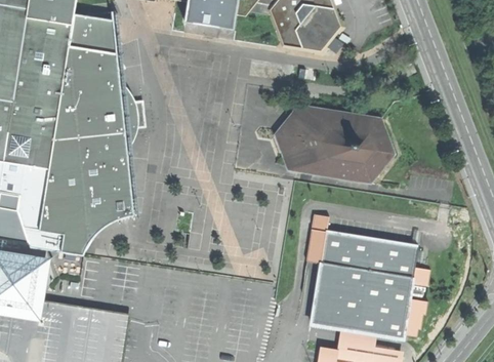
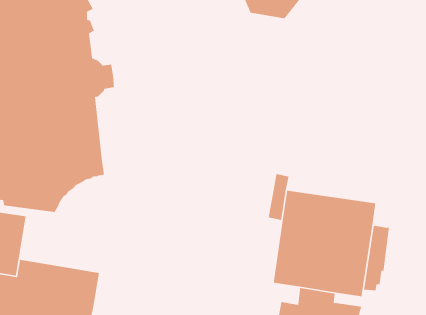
building: [274,106,393,185] -> none

